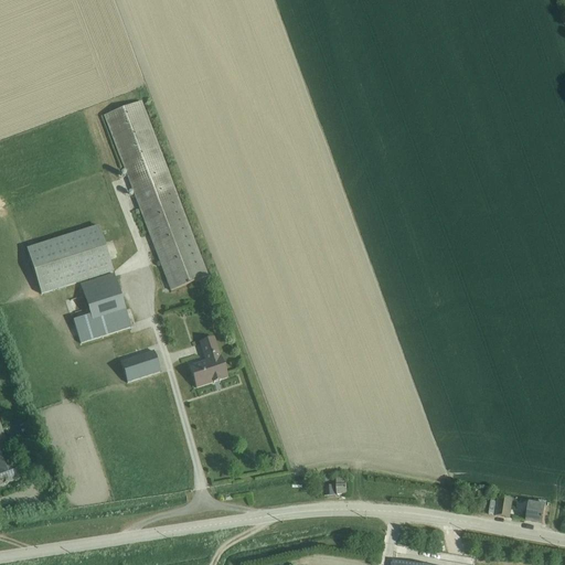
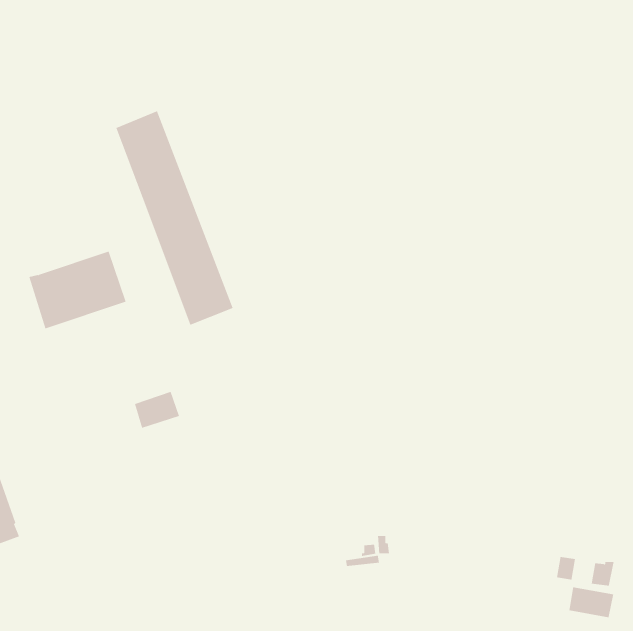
building: [72,270,130,341] -> none
building: [188,334,227,386] -> none
building: none -> [569,587,614,618]

